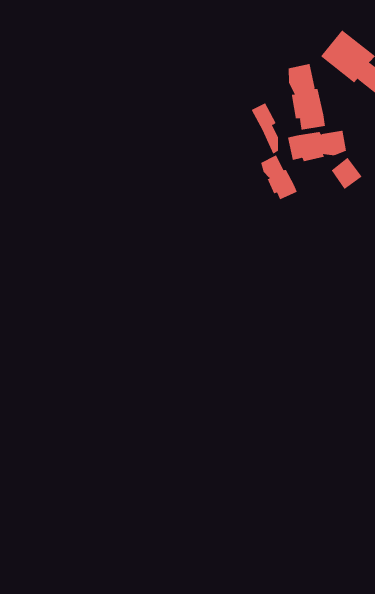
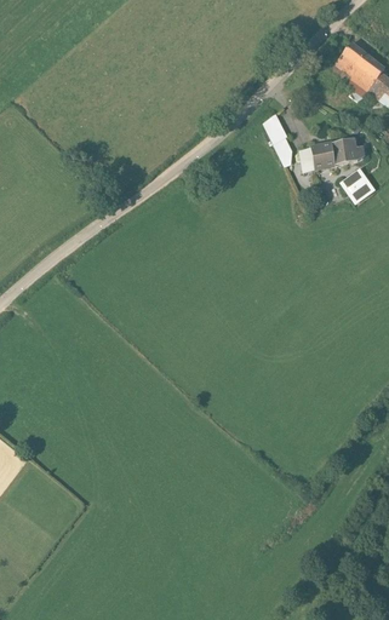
building: [288,63,326,131] -> none
building: [261,155,297,200] -> none

